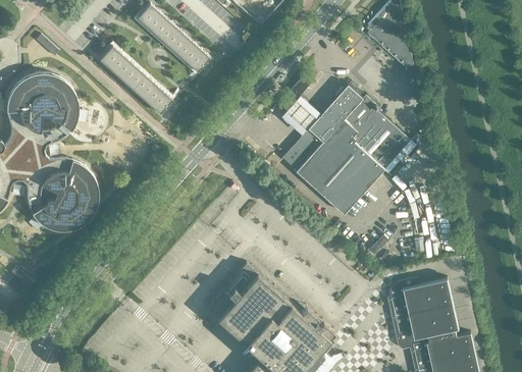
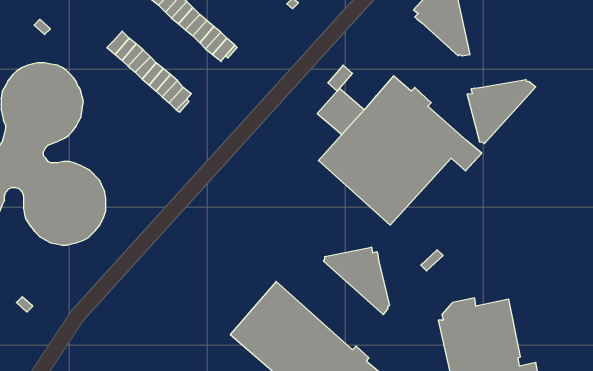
building: none -> [467,80,536,144]
building: none -> [324,247,389,315]

